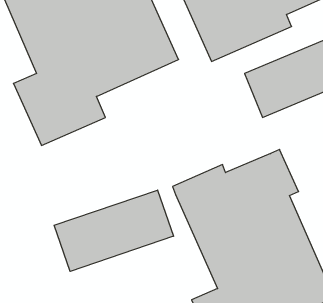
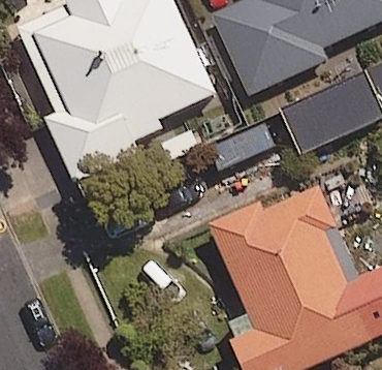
building: [54,190,174,271] -> none

